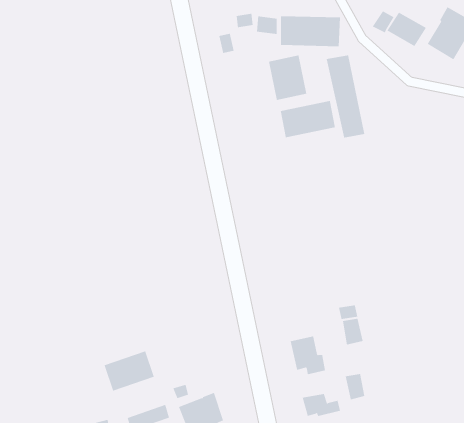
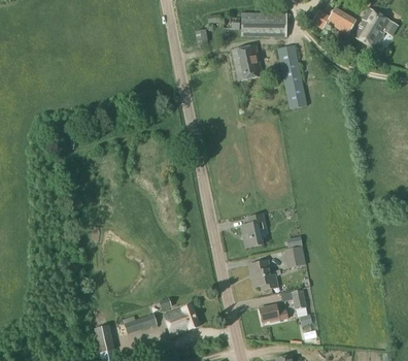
building: [280,100,335,138] -> none
building: none -> [241,215,265,248]
building: [104,350,155,392] -> none

